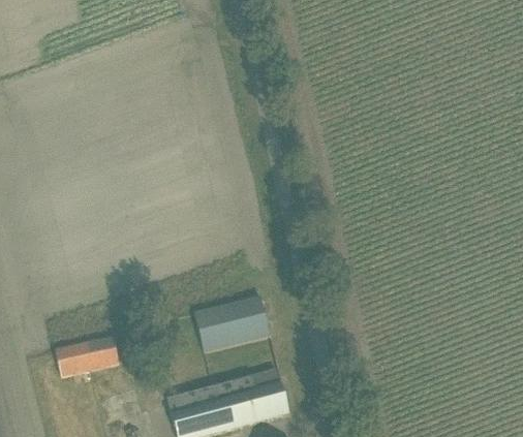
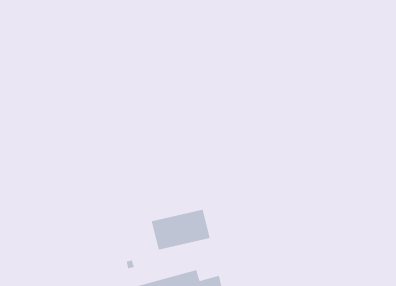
building: [55,335,120,376] -> none

